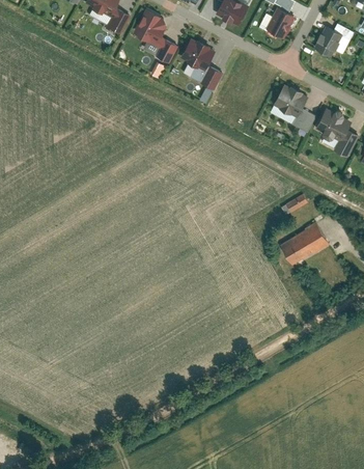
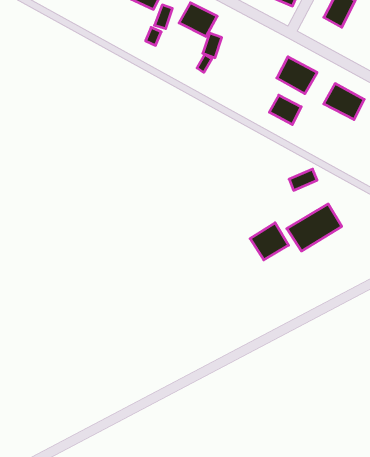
building: none -> [269,95,301,125]
building: none -> [250,223,289,260]

